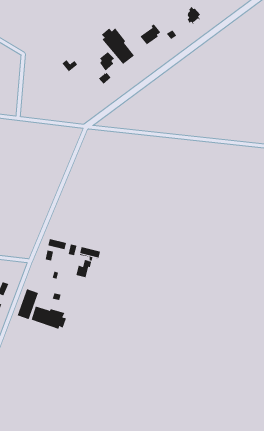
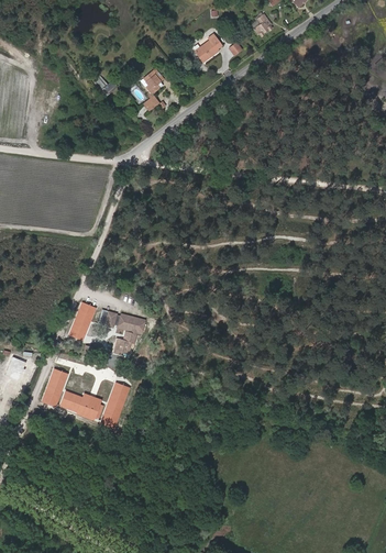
building: [101,27,135,65] -> none
building: none -> [100,383,129,430]

